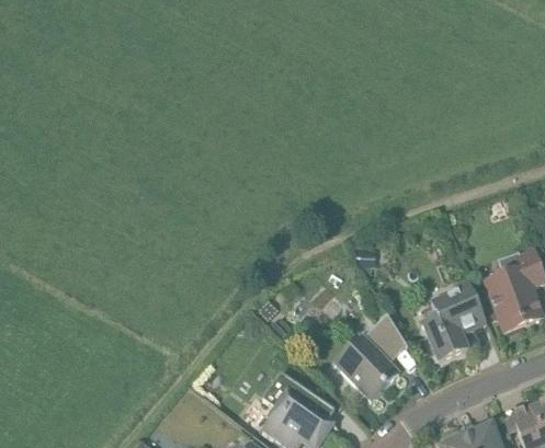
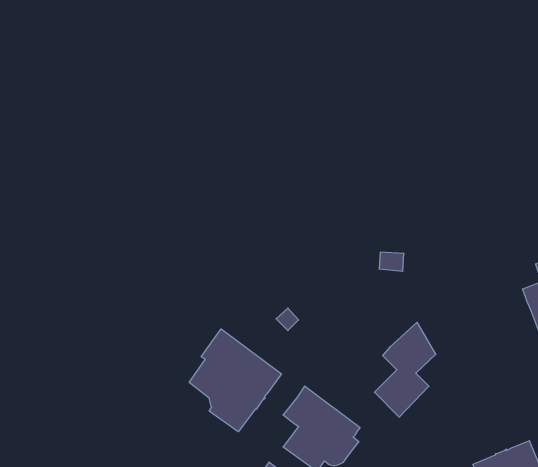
building: [421,280,484,359] -> none
building: none -> [189,329,281,432]

